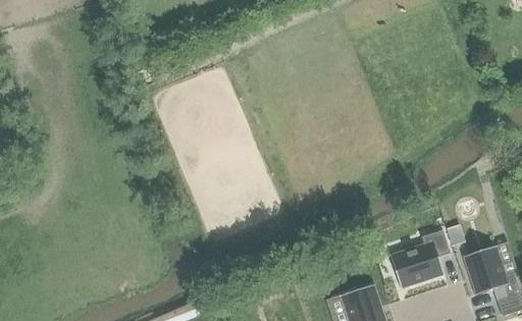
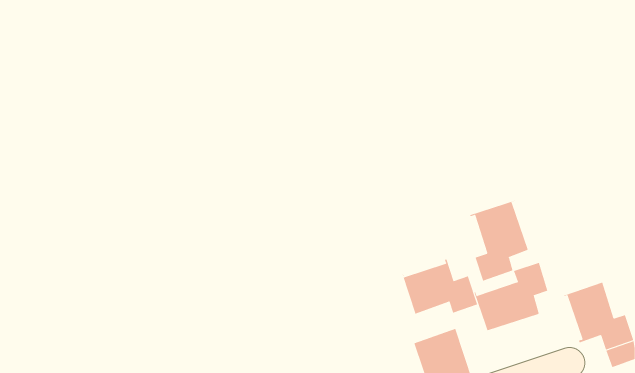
building: none -> [469,200,533,282]
building: none -> [402,259,478,315]

